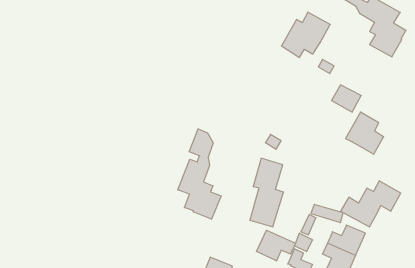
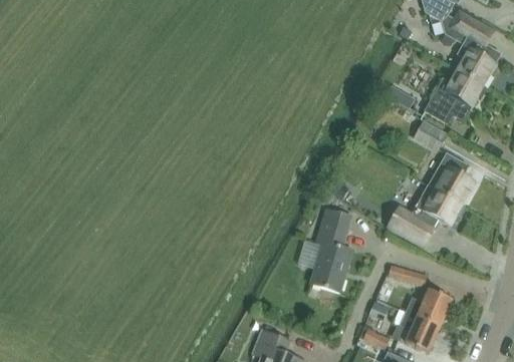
building: [281,12,330,57] -> [425,69,484,124]
building: [178,129,221,219] -> none
building: [340,181,401,227] -> [389,188,462,244]
building: [257,230,295,261] -> none

